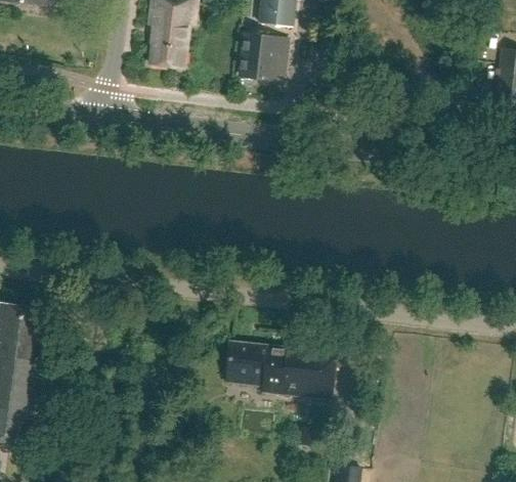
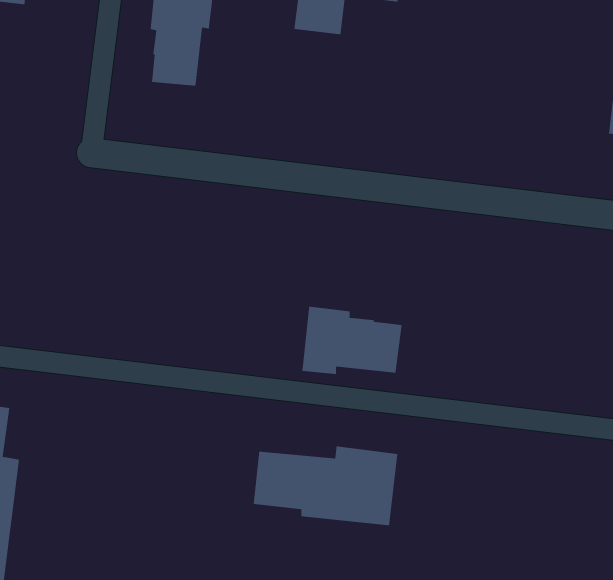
building: [238,33,285,80] -> none
building: none -> [302,306,402,375]

